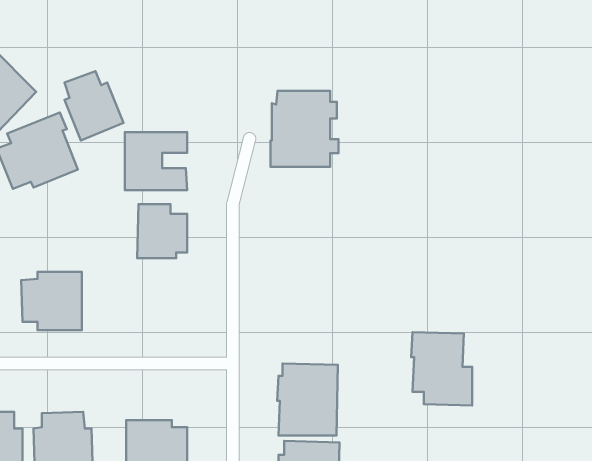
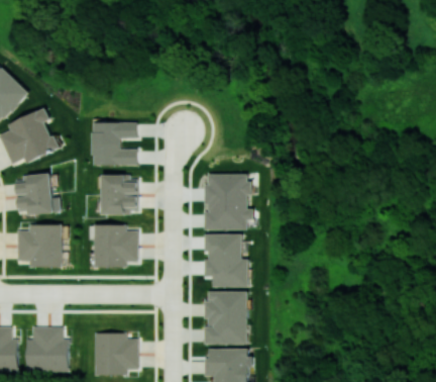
building: [64,71,124,140] -> none
building: [271,91,338,167] -> [204,174,253,229]
building: none -> [17,174,53,214]
building: none -> [94,224,138,267]
building: [411,332,472,406] -> [204,233,248,287]

